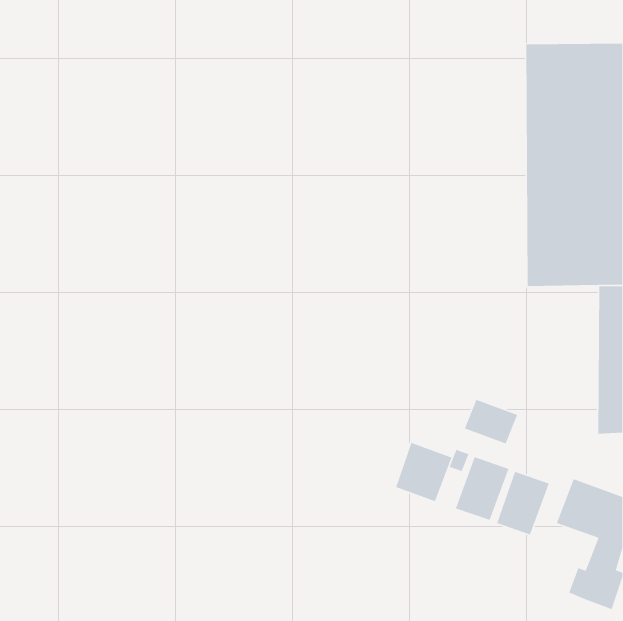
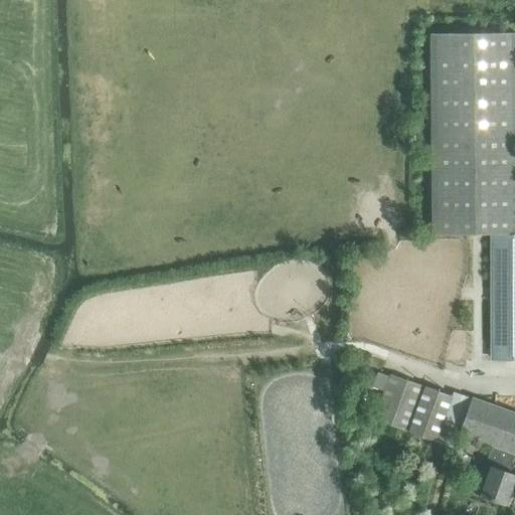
building: [464,399,518,445] -> none
building: [395,442,452,502] -> none

